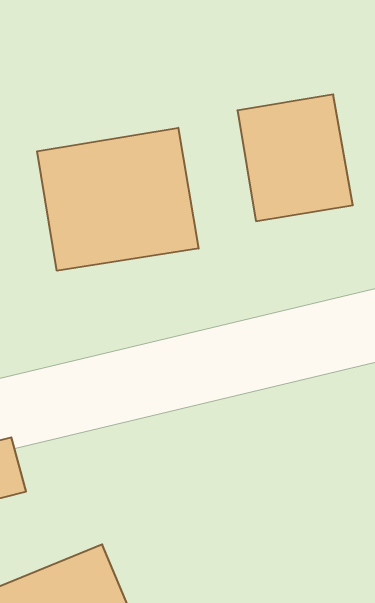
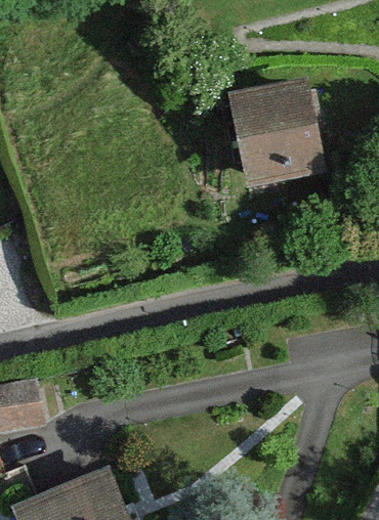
building: [37,128,199,271] -> none

